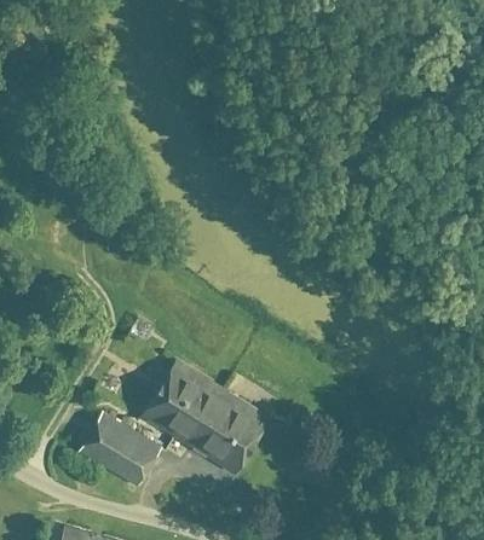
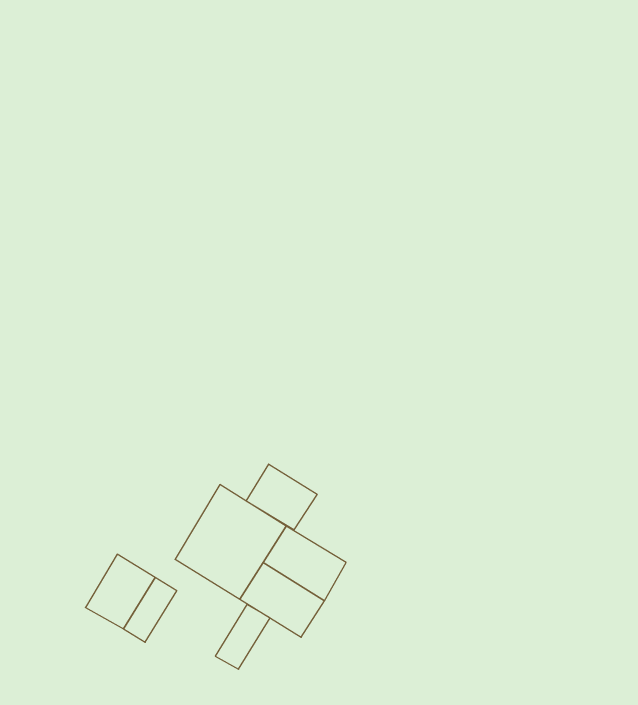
building: none -> [246,464,317,530]
building: [120,436,160,483] -> [215,605,270,669]

